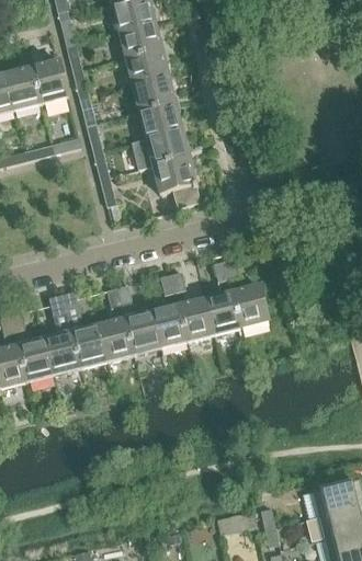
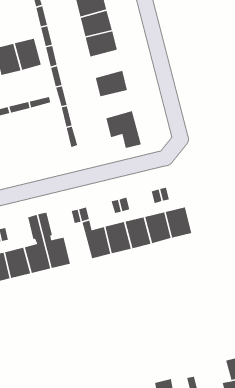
building: [132,76,176,112] -> none
building: [145,129,189,165] -> none
building: [98,318,134,360] -> none

